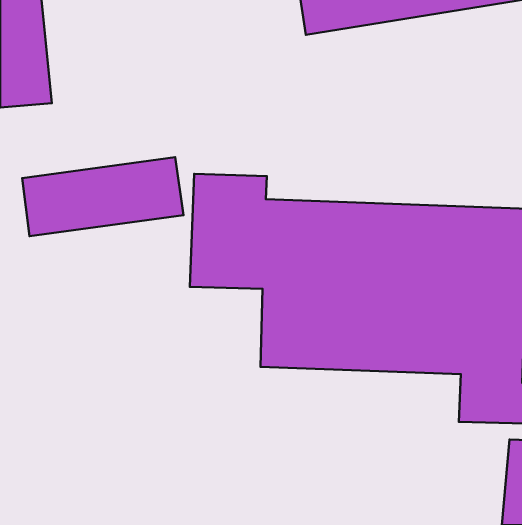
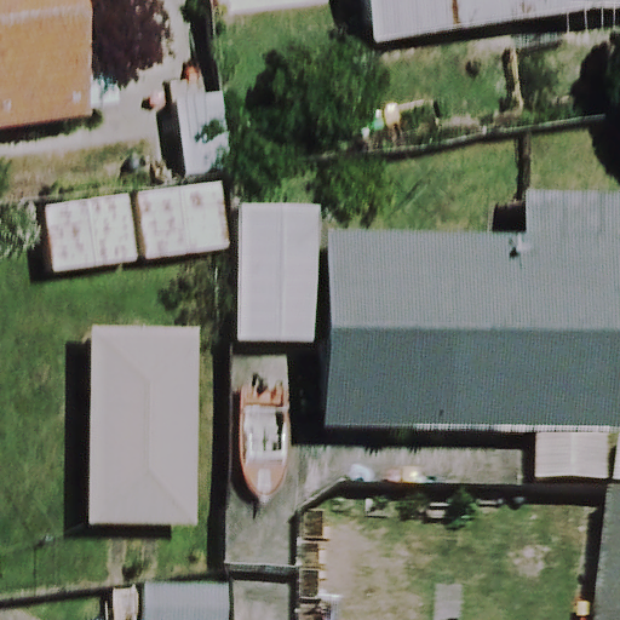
building: none -> [90,327,195,519]

